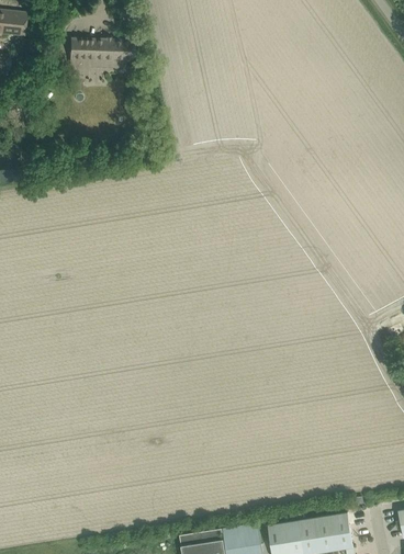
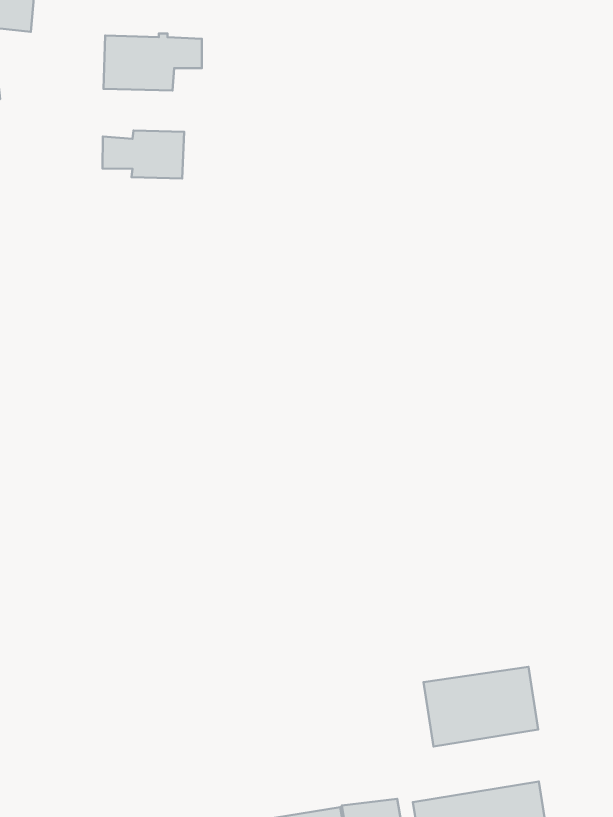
building: none -> [103,130,184,178]
building: none -> [424,667,538,747]

